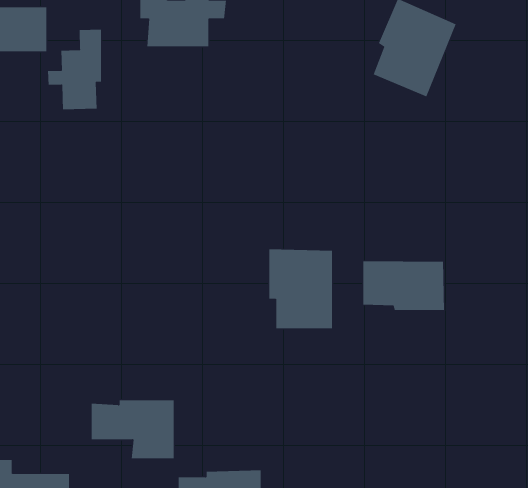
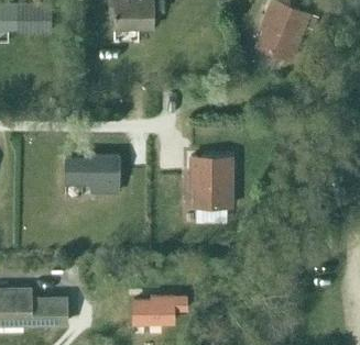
building: [48,29,101,110] -> none
building: [363,260,445,311] -> none
building: [91,400,174,459] -> [65,156,118,193]

